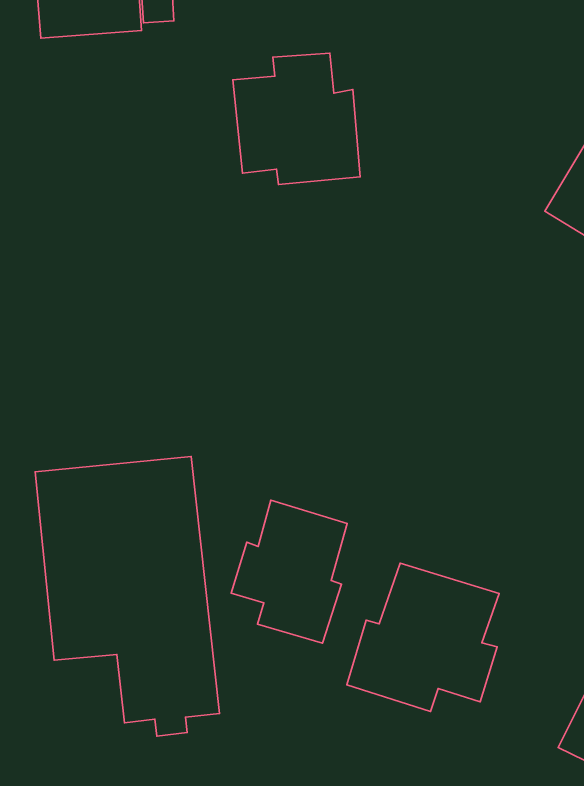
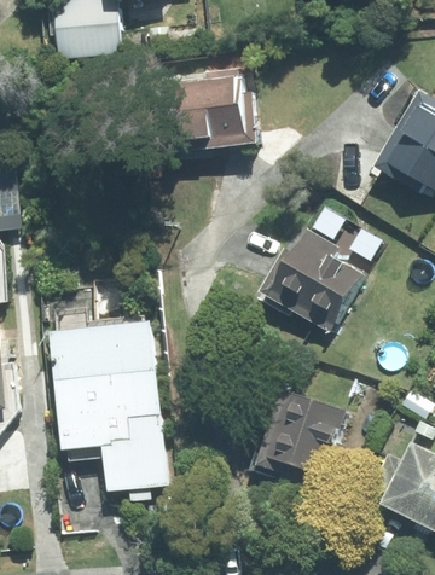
building: none -> [257,226,360,330]
building: [231,500,347,643] -> none

